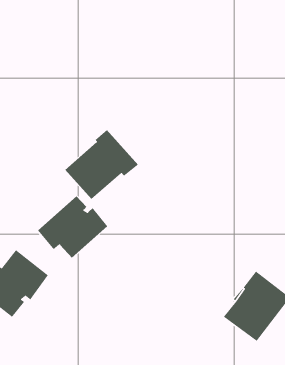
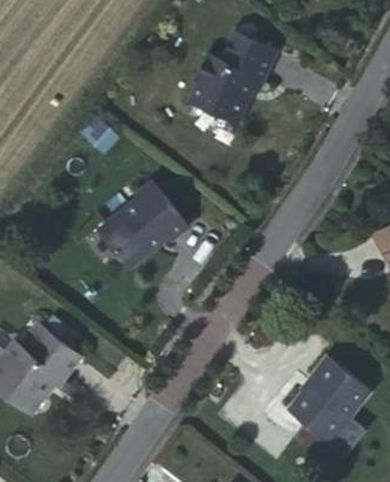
building: none -> [191,30,278,121]
building: [37,196,108,259] -> none

